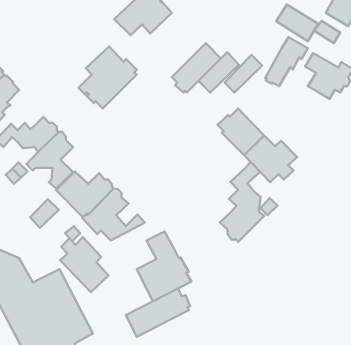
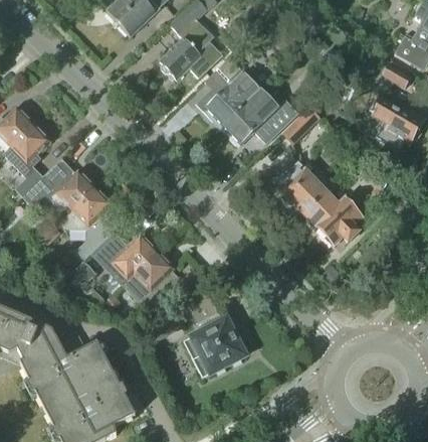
building: [276,5,318,41] -> none
building: [265,37,308,86] -> none
building: [79,47,137,108] -> [195,56,260,126]
building: [220,162,264,242] -> none
building: [60,237,109,292] -> none
building: [126,289,190,337] -> none

